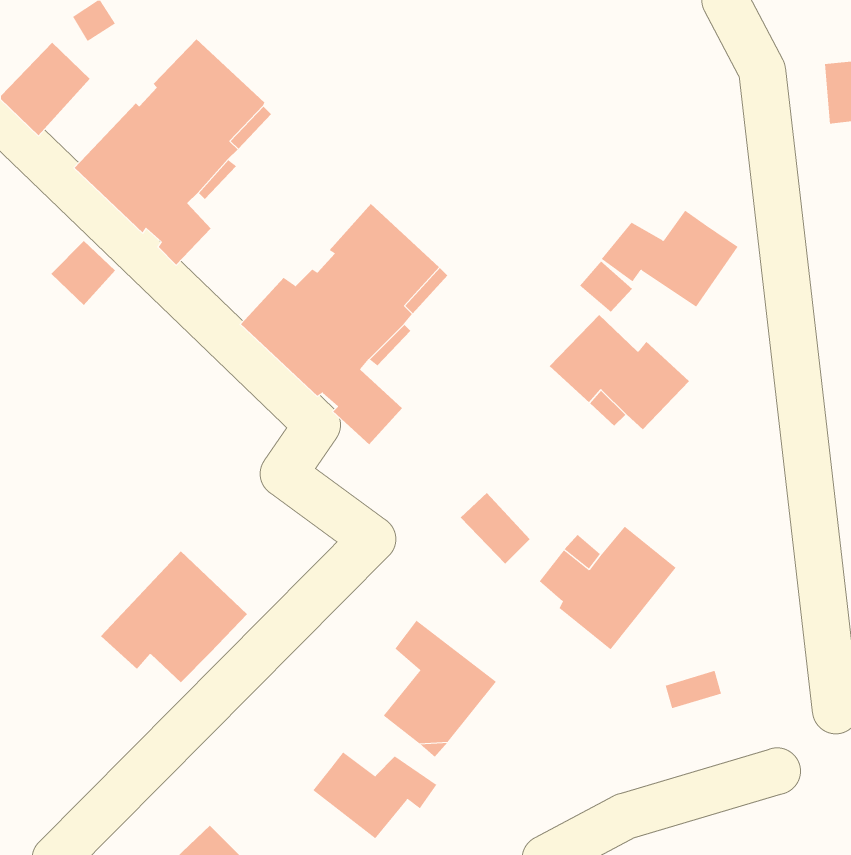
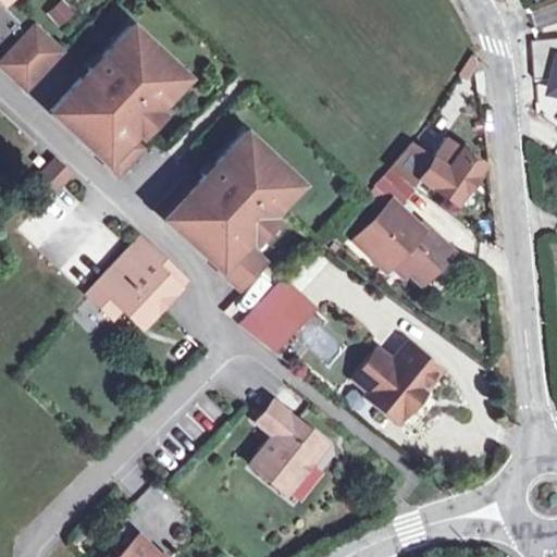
building: none -> [242,281,315,351]
building: [100,550,248,683] -> [90,240,186,326]
building: [313,751,437,839] -> none

